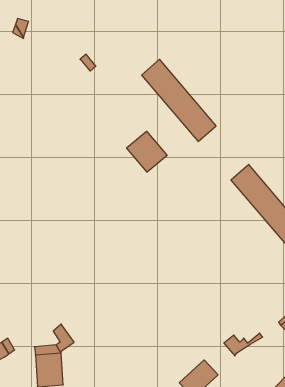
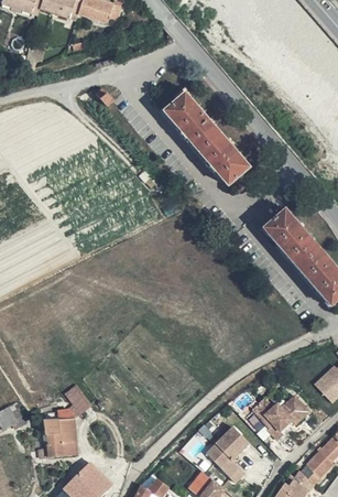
building: [127,131,167,172] -> none
building: none -> [268,401,308,439]

